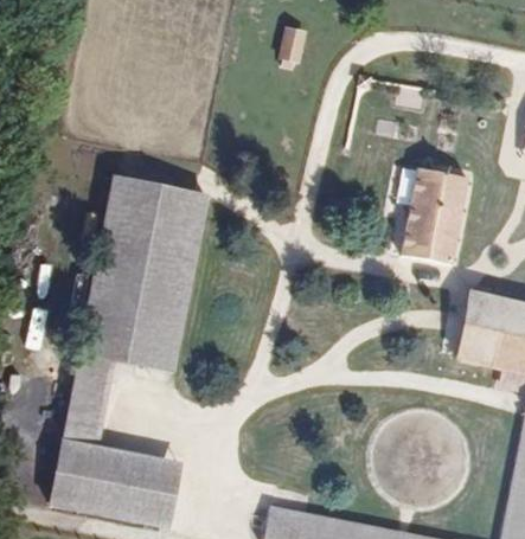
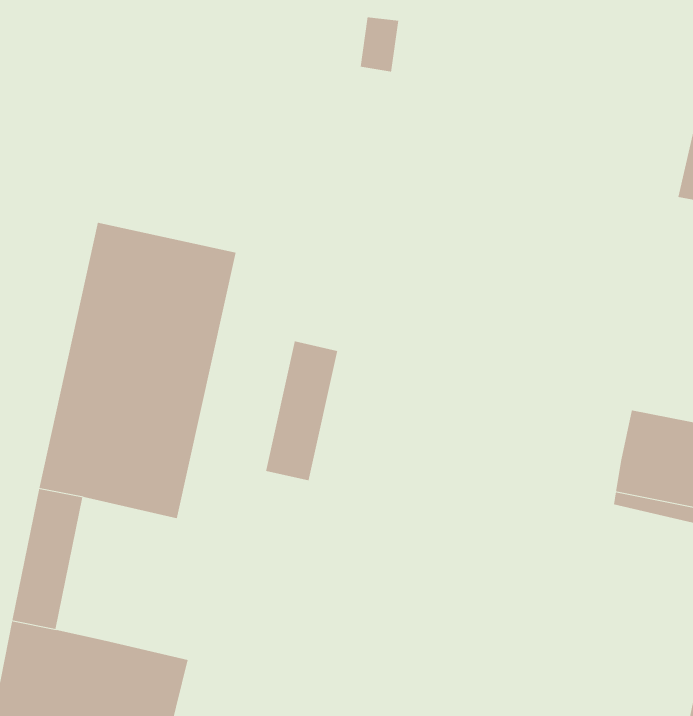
building: [405,168,475,268] -> none
building: none -> [266,341,338,481]

